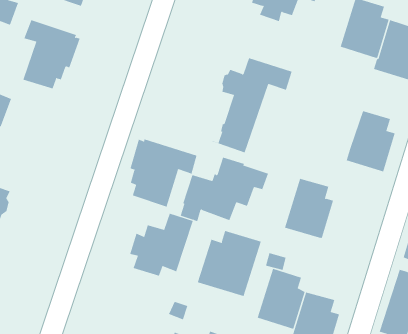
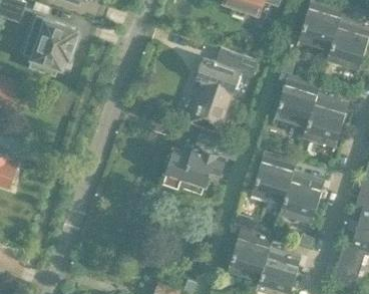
building: none -> [275,64,317,126]
building: [130,138,197,208] -> none
building: none -> [279,171,322,223]
building: [130,213,194,277] -> none
building: [197,230,261,297] -> none

